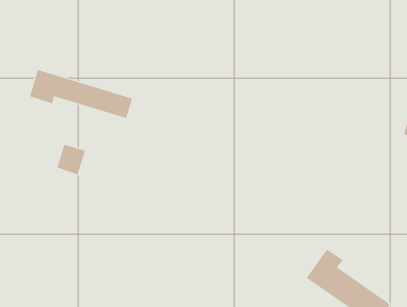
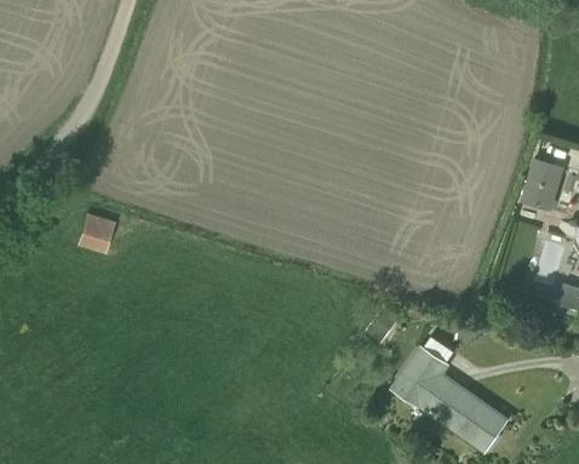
building: [30,69,133,119] -> none

